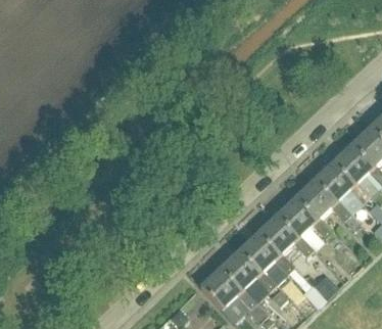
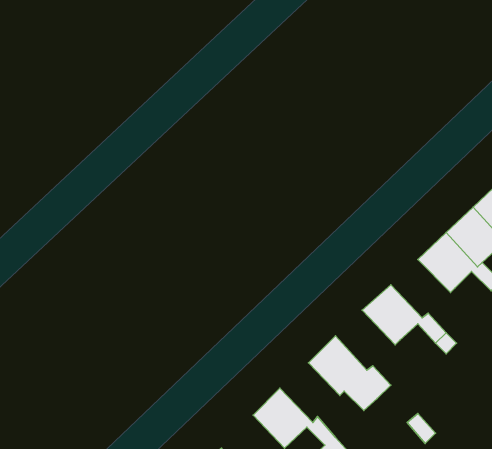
building: [295,179,351,219] -> none
building: [257,214,315,254] -> none
building: [220,249,277,290] -> none

